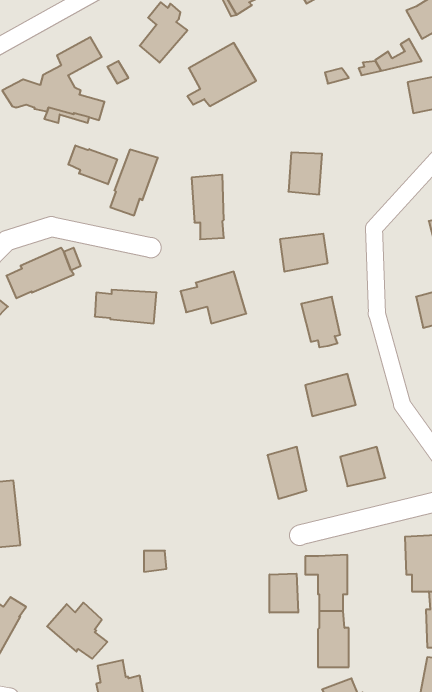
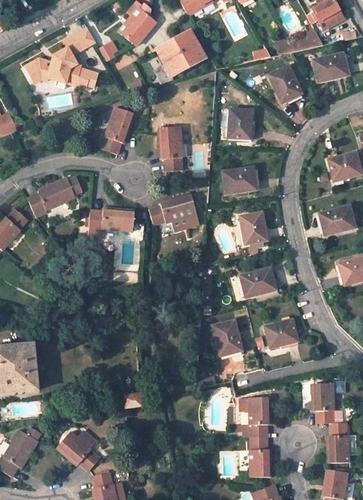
building: none -> [268,65,301,103]
building: [68,145,117,184] -> none
building: [270,574,298,613] -> none

